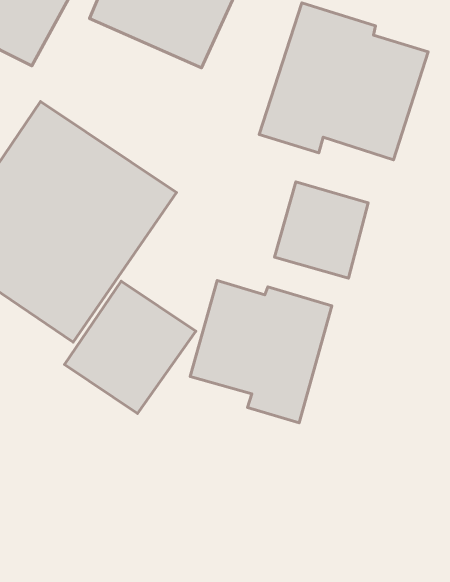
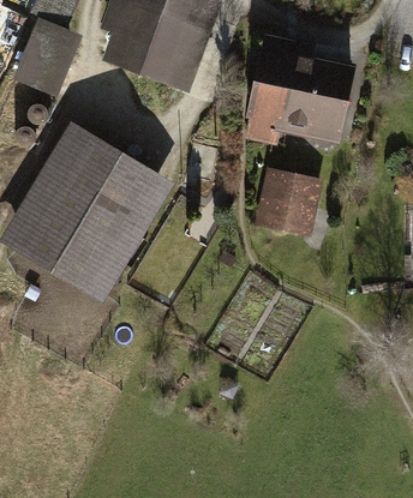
building: [190,280,332,423] -> none
building: [64,281,196,413] -> none

